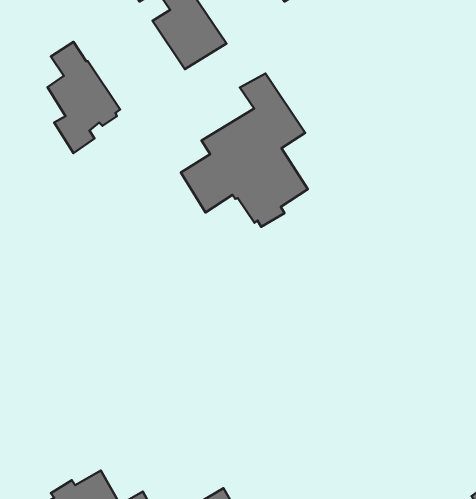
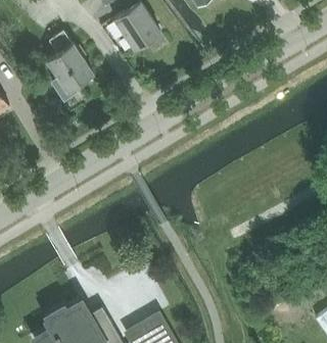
building: [181,73,308,227] -> none

